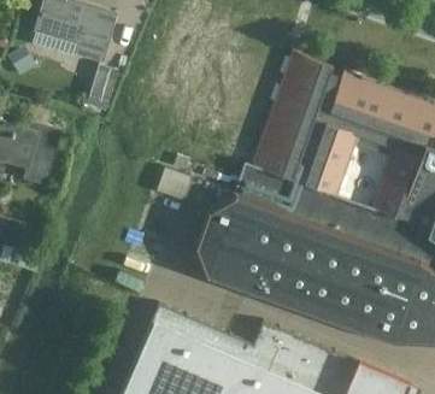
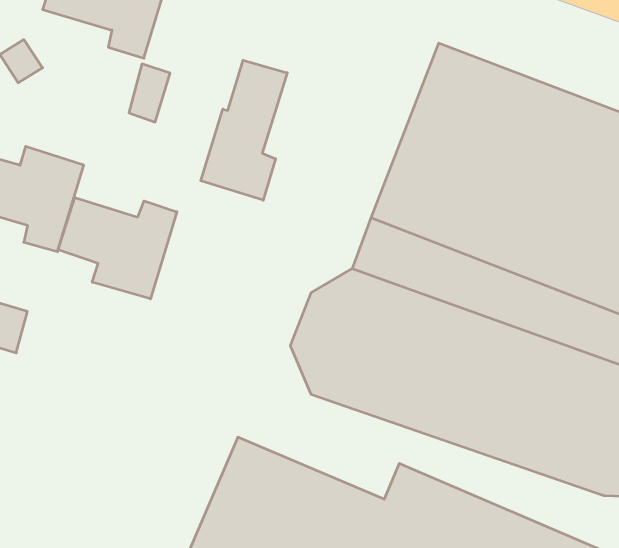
building: none -> [201,60,287,200]
building: none -> [58,197,177,299]

